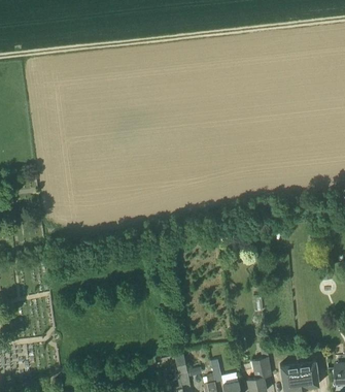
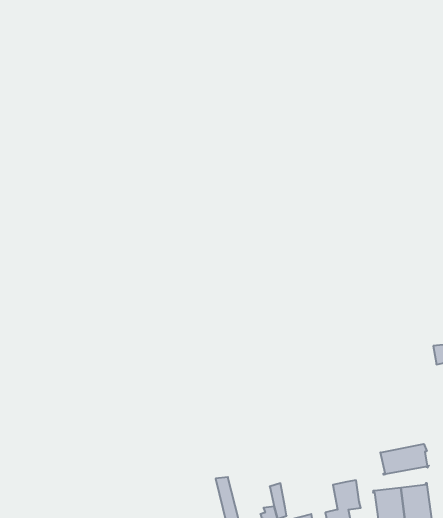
building: none -> [380,444,429,475]

